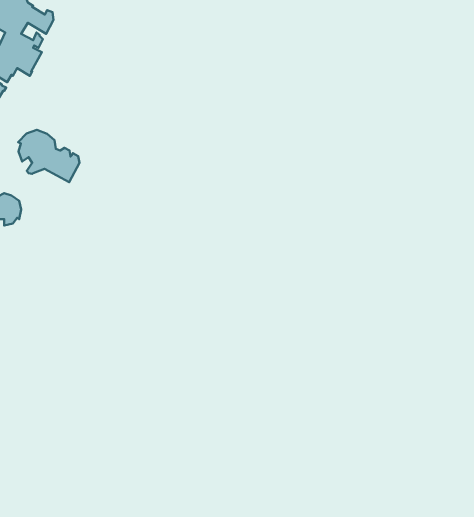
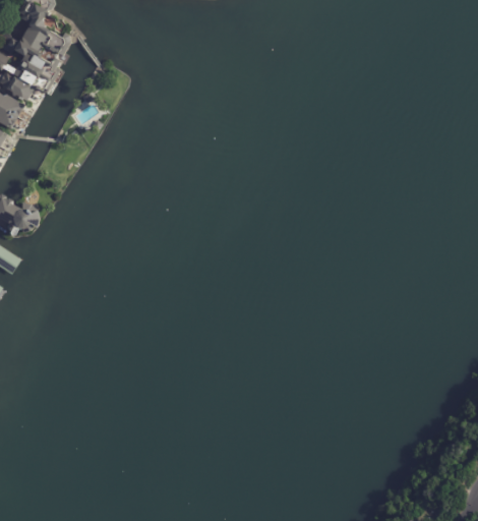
building: [18,130,80,182] -> none

